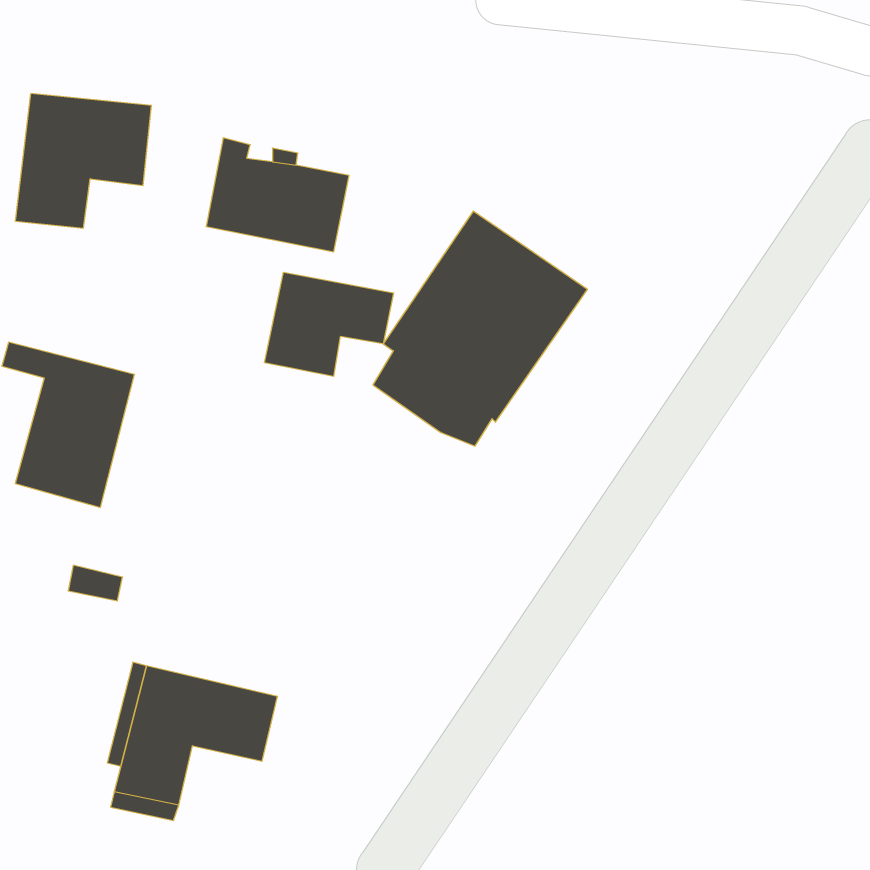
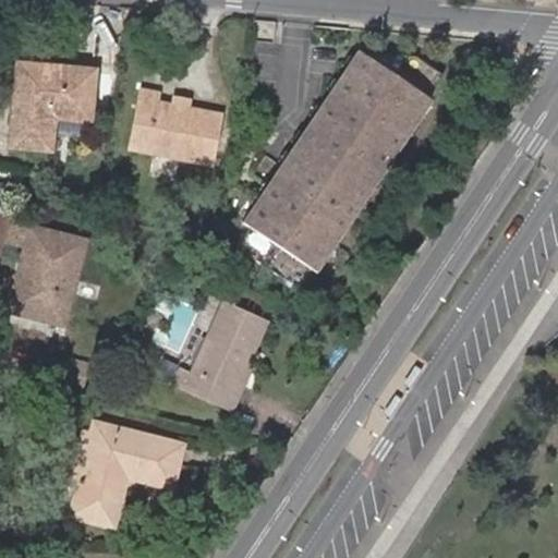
building: none -> [303,54,444,185]
building: [265,272,394,376] -> none
building: none -> [167,301,264,410]

